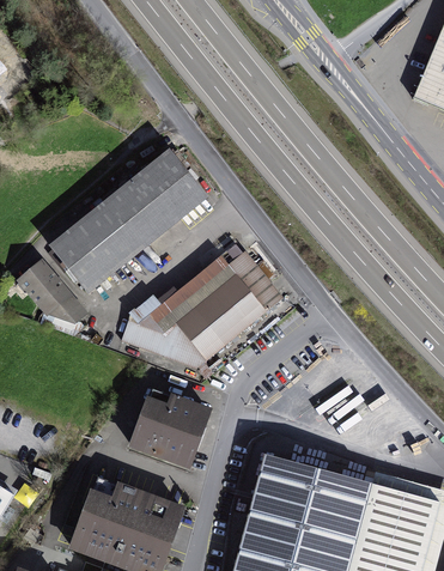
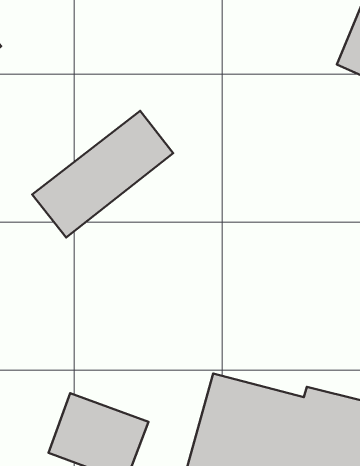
building: [120,243,282,367] -> none
building: [18,259,90,335] -> none
building: [127,390,211,469] -> none

